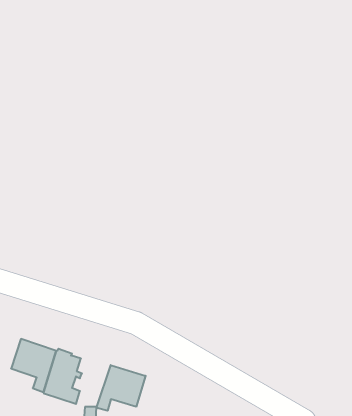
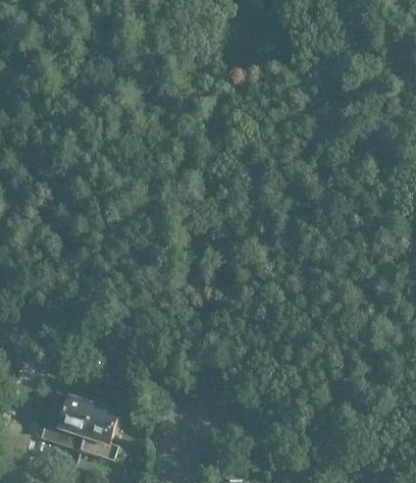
building: [97,365,146,411] -> none

